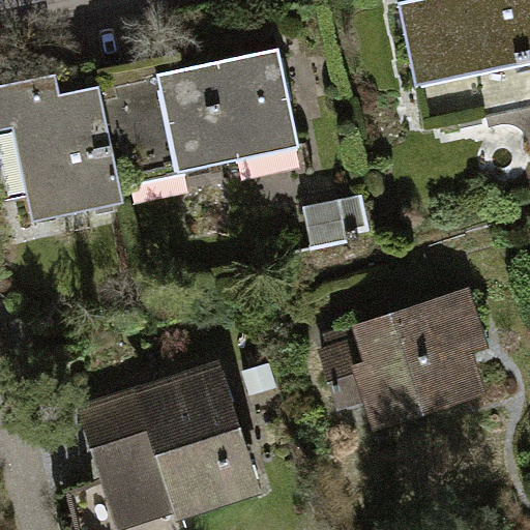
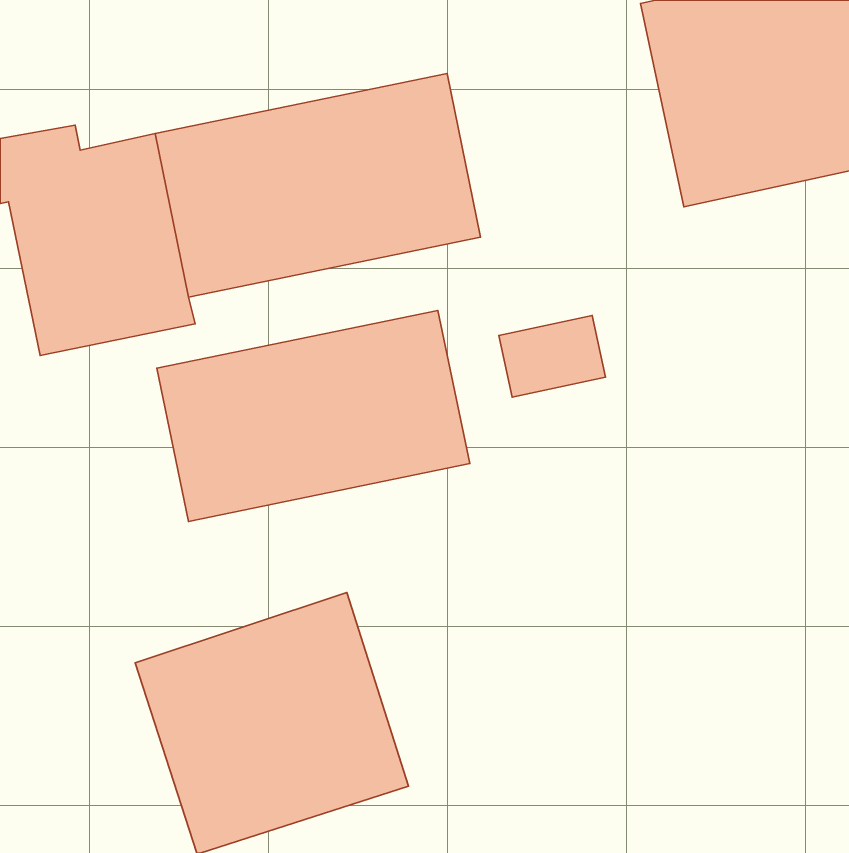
building: none -> [157,310,470,521]
building: [324,296,479,420] -> none

